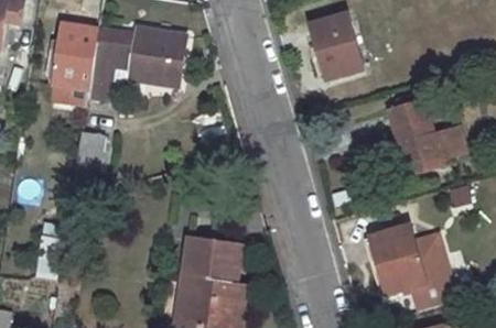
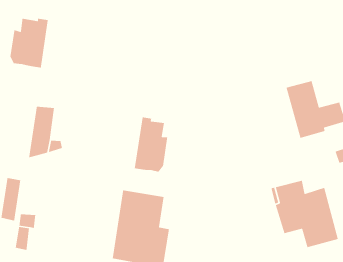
building: [309,12,363,79] -> none
building: [85,28,183,100] -> none
building: none -> [134,117,168,172]

